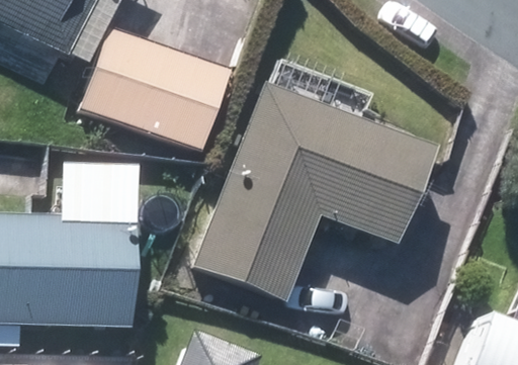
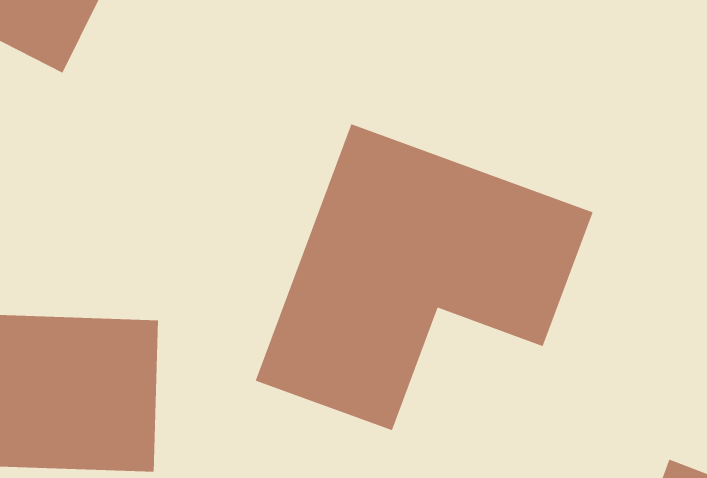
building: [86,30,228,146] -> none

